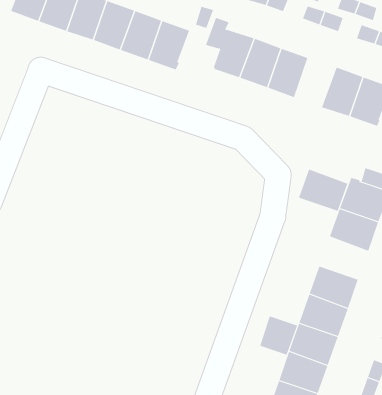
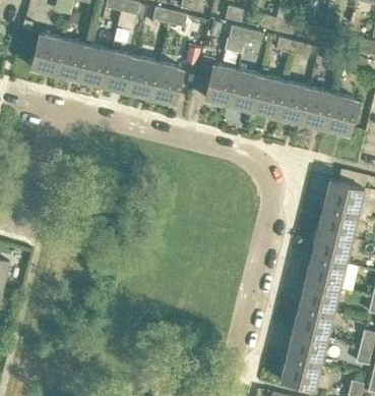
building: none -> [275,81,308,122]
building: [298,169,348,212] -> [310,230,351,264]
building: [259,315,298,355] -> none

